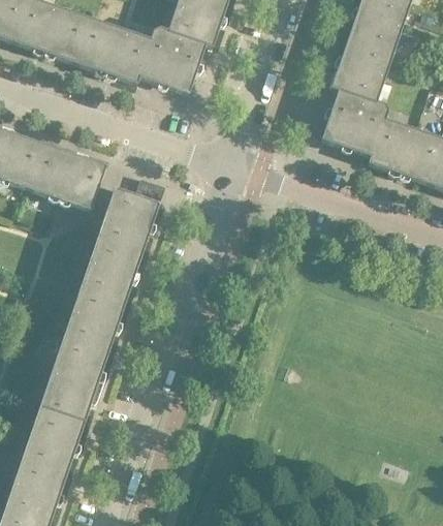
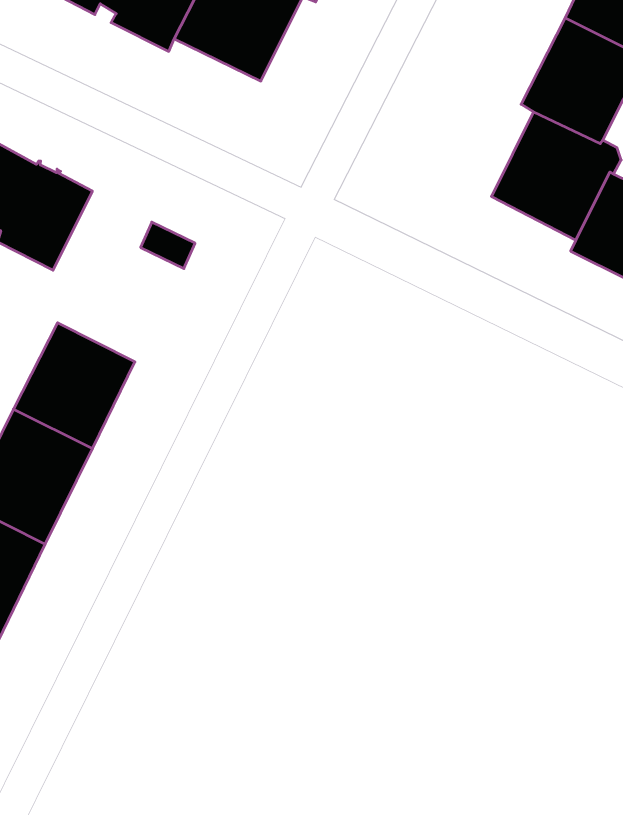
building: [97,187,159,252] -> none

